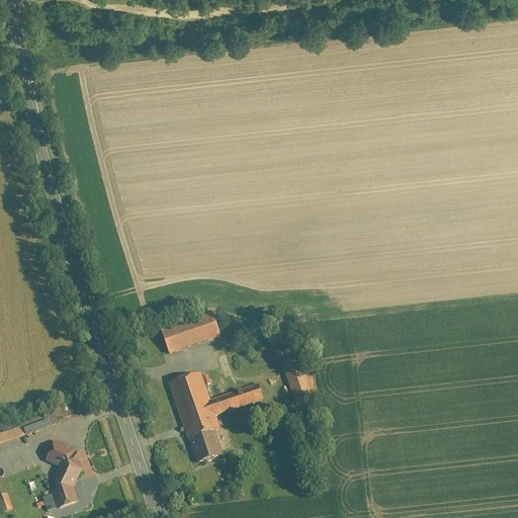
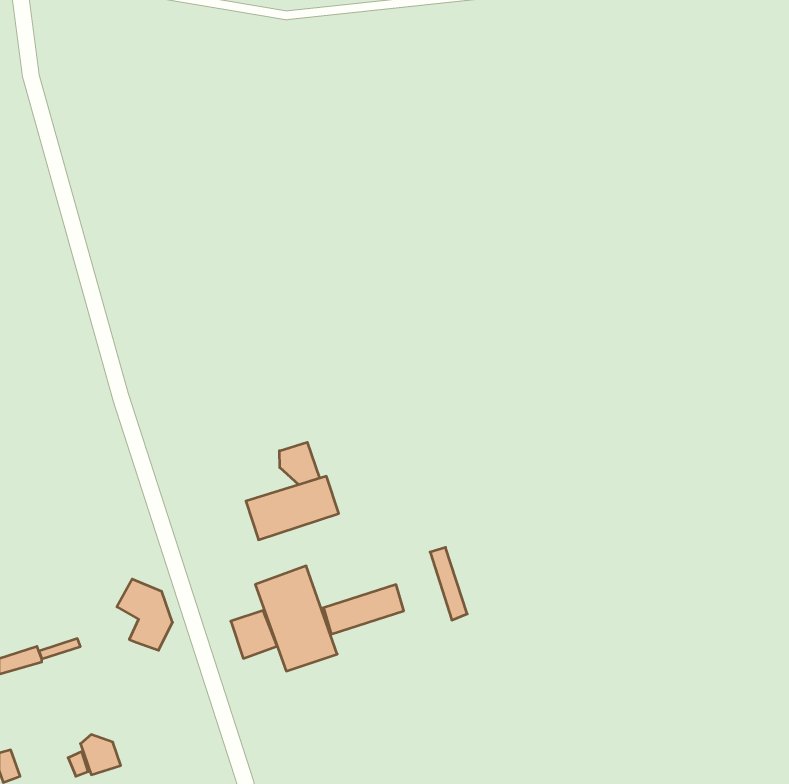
building: none -> [279,442,319,485]
building: [190,432,221,463] -> [231,610,277,658]
building: [47,439,83,486] -> [117,579,173,650]

